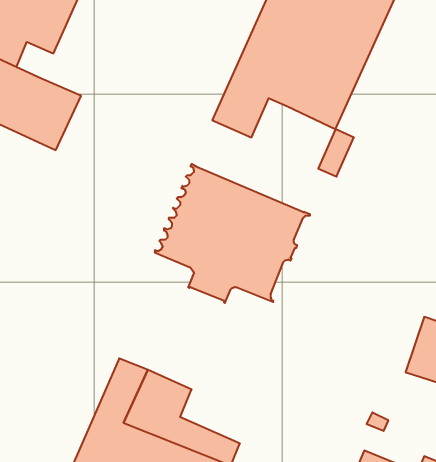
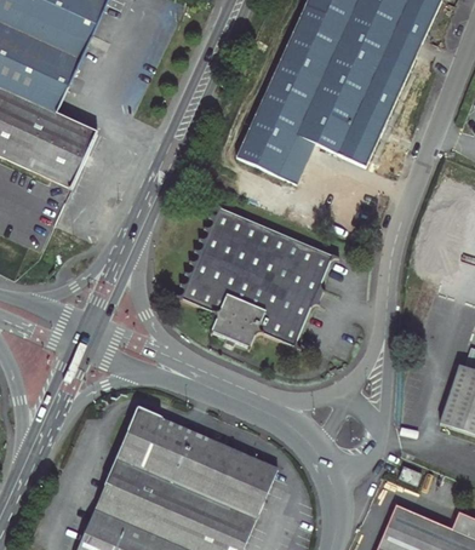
building: none -> [29,74,68,113]
building: [318,129,354,177] -> [276,133,314,183]
building: none -> [201,440,277,497]

